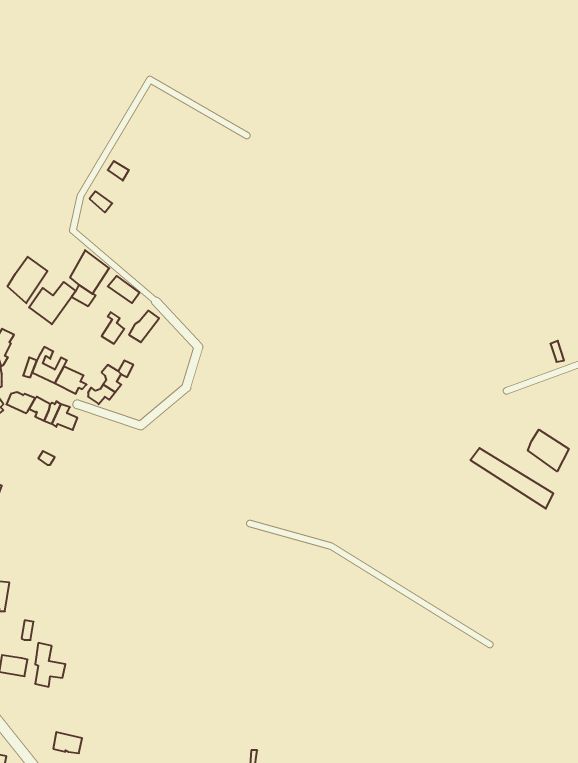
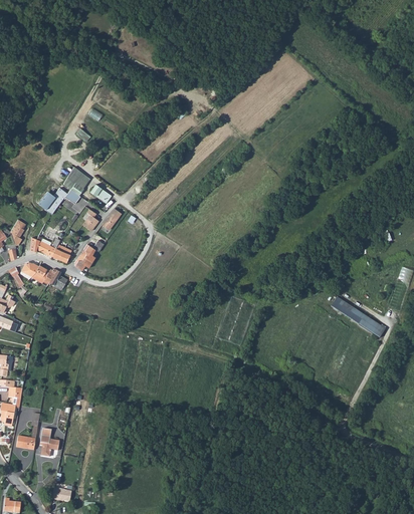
building: [8,257,47,303] -> none
building: [528,430,569,471] -> none

